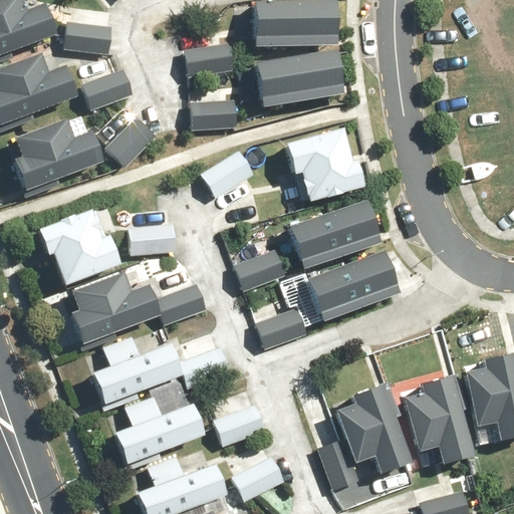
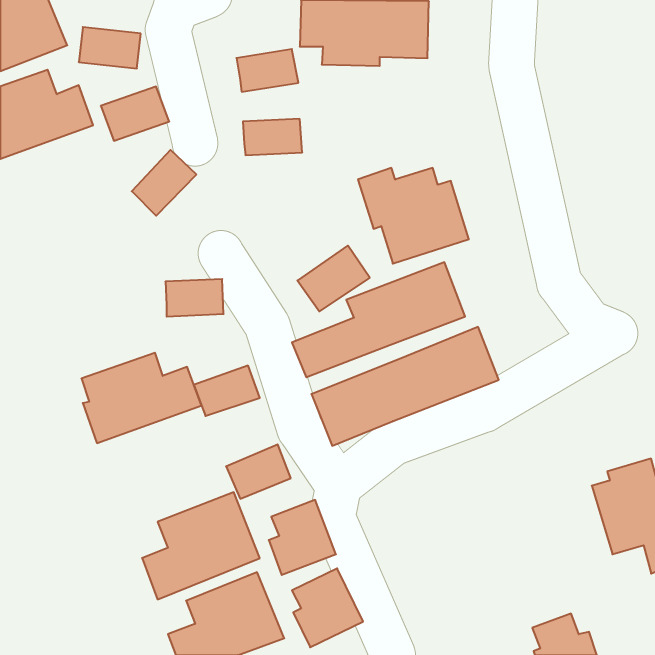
building: [256,52,342,107] -> none
building: [13,119,102,192] -> none
building: [200,147,256,198] -> [297,246,370,311]
building: [39,208,120,286] -> none
building: [92,324,182,410] -> none
building: [406,377,477,466] -> none
building: [323,386,410,490] -> none

